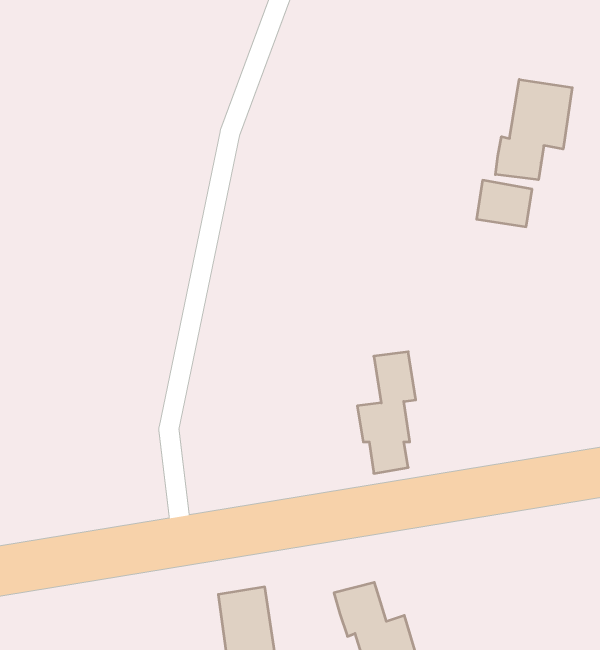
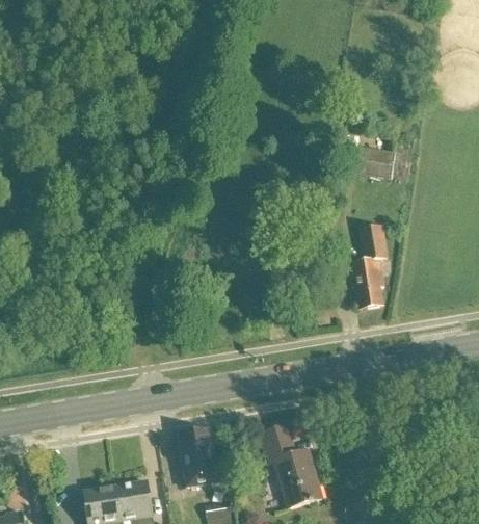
building: [495,79,572,180] -> none
building: [357,352,416,473] -> [349,225,390,309]

